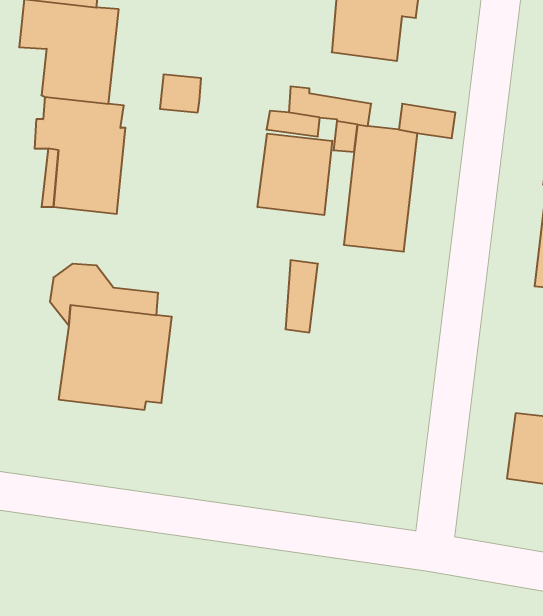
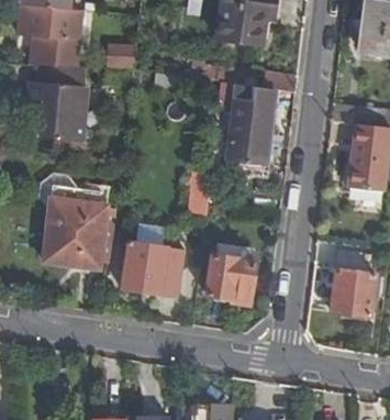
building: [258,134,332,215] -> none
building: none -> [122,241,185,296]
building: none -> [207,255,255,301]

